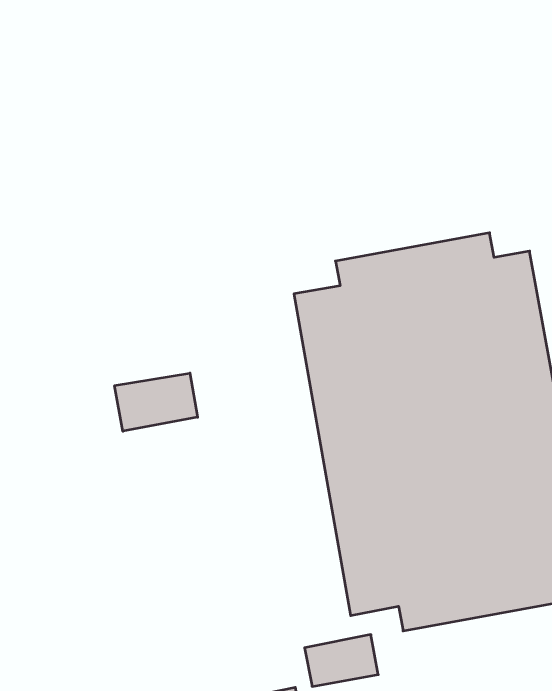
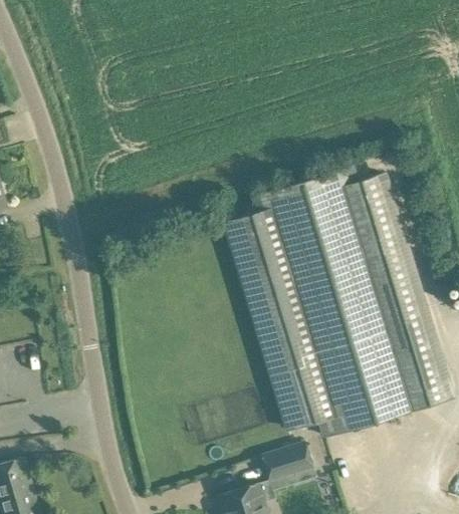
building: [115,373,198,431] -> none

